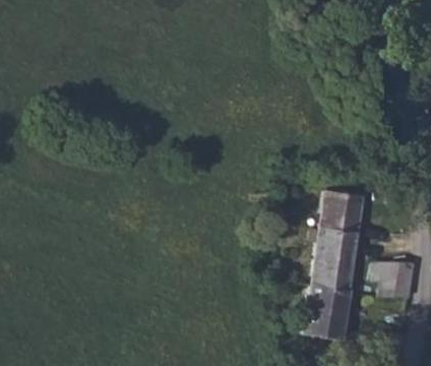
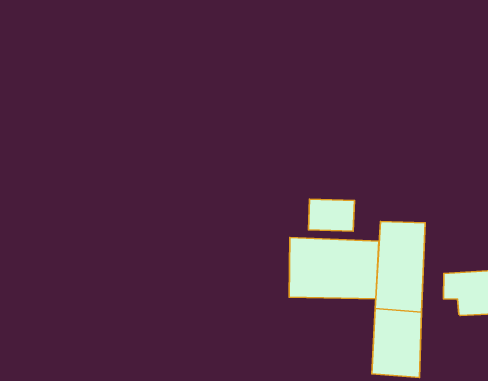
building: [323,190,362,219] -> [308,199,354,231]
building: none -> [289,237,379,299]

